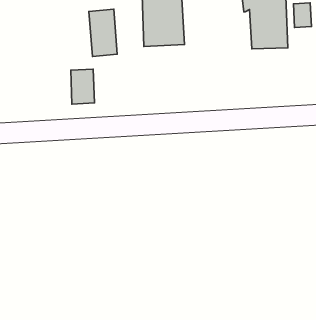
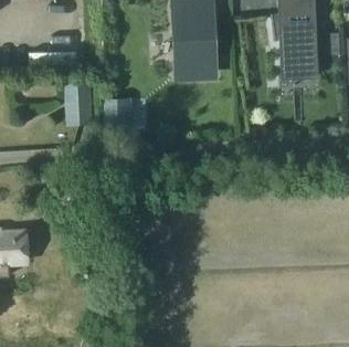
building: [89,9,117,57] -> [65,77,93,124]

